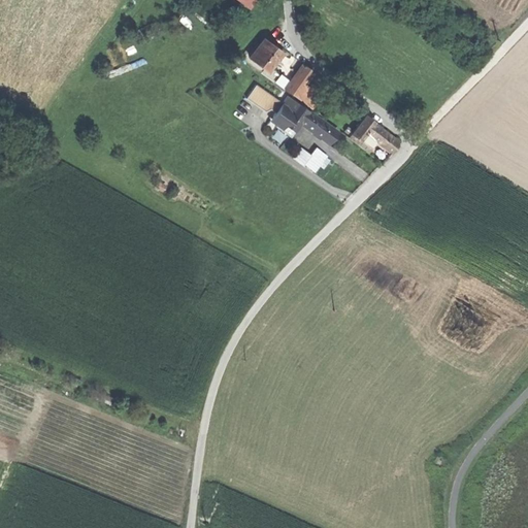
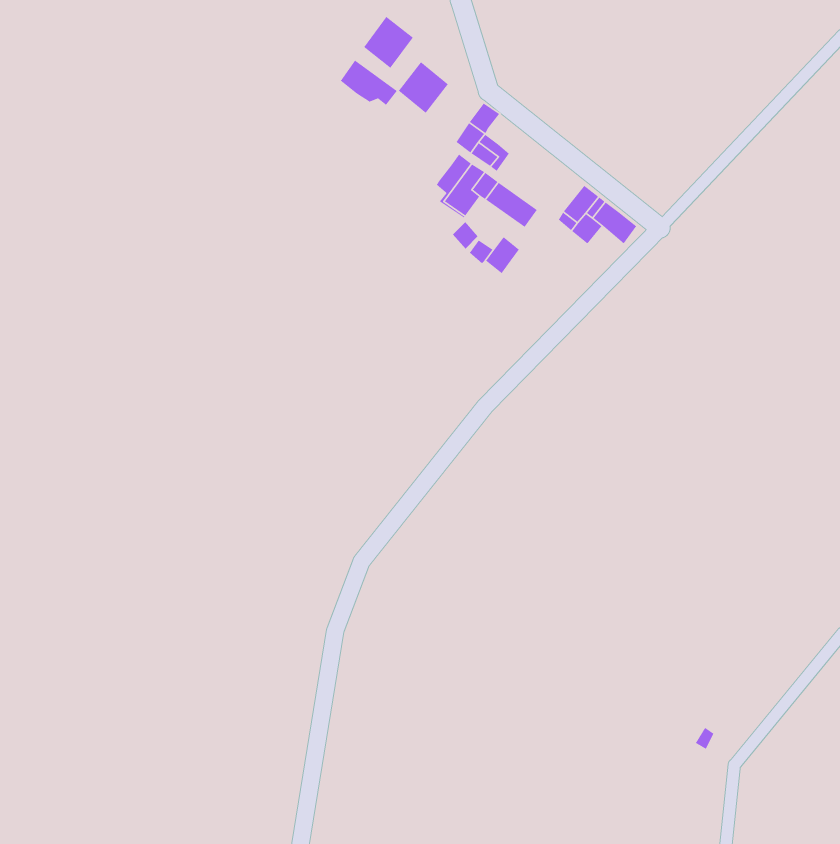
building: none -> [363,16,414,69]
building: [248,84,284,112] -> [340,59,398,106]

